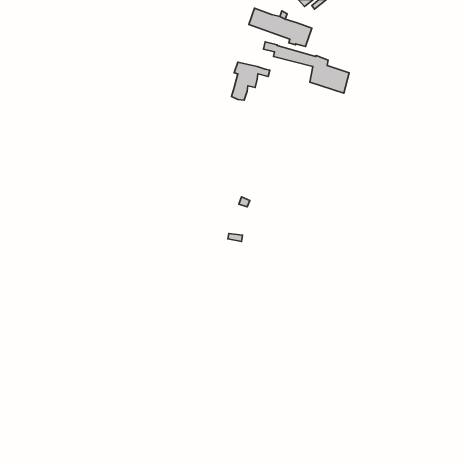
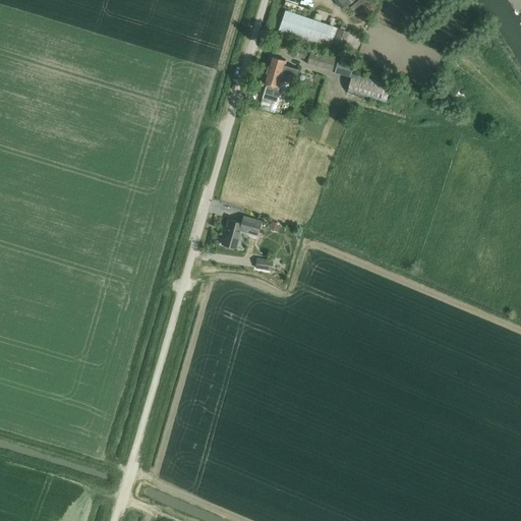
building: none -> [266,55,298,77]
building: none -> [220,215,260,247]

